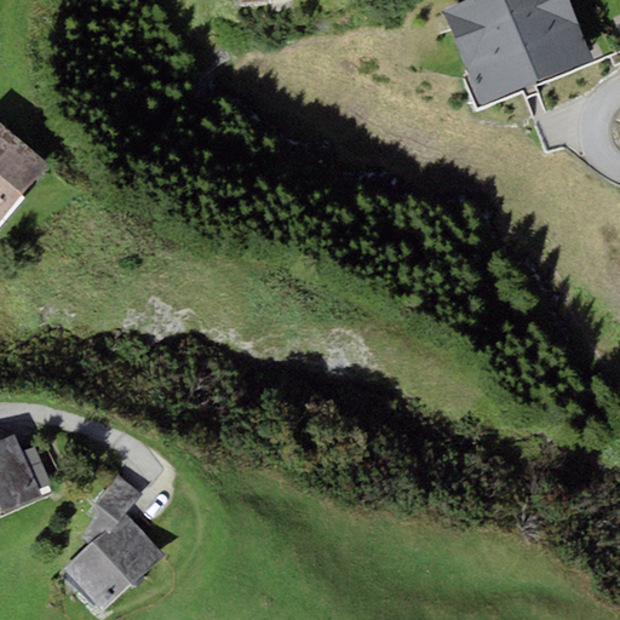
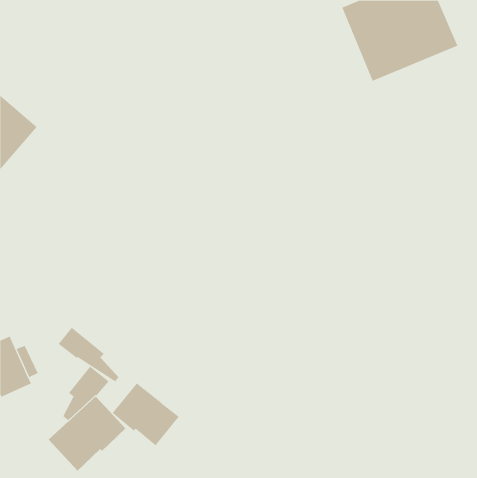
building: none -> [58,327,119,382]
building: none -> [112,383,180,446]

